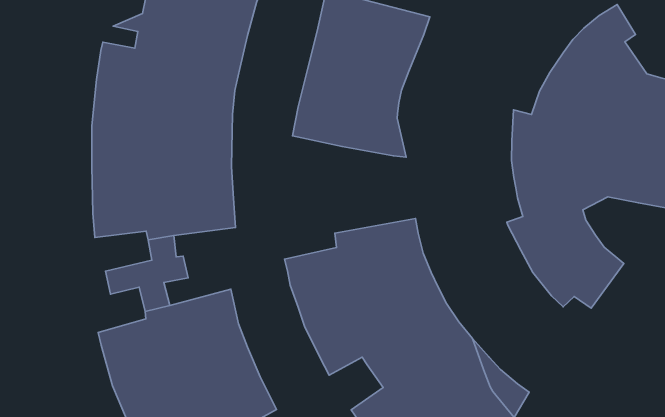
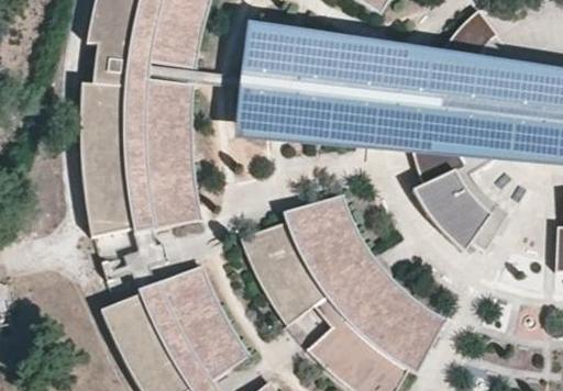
building: none -> [319,35,443,154]

